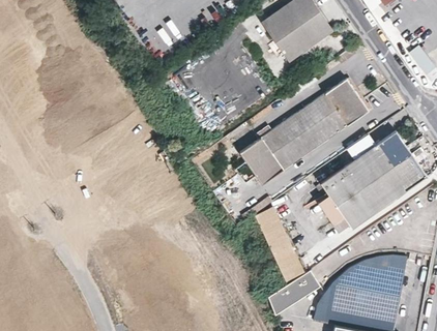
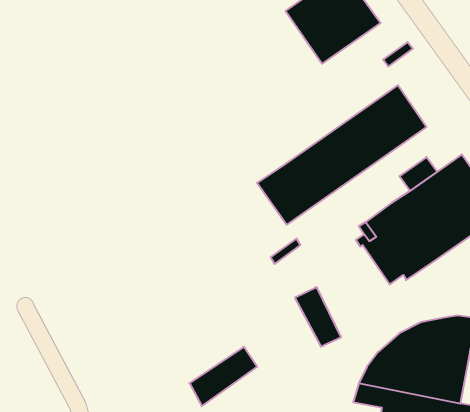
building: [256,208,285,241] -> none
building: [268,270,320,315] -> [189,347,257,406]

